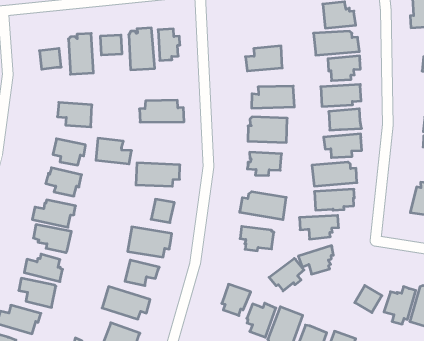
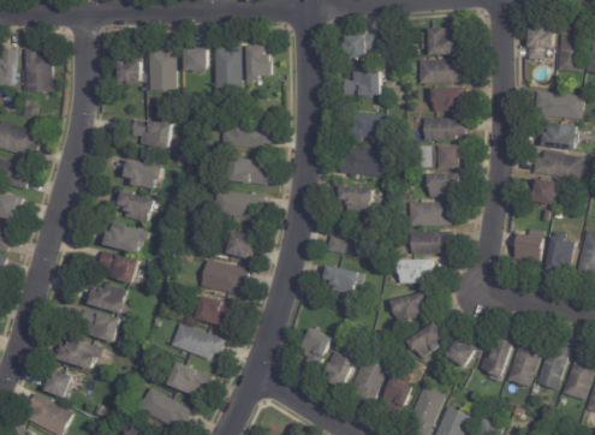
building: none -> [346,32,380,59]
building: [96,138,132,164] -> [228,155,268,185]
building: [269,258,304,291] -> [405,322,444,357]

